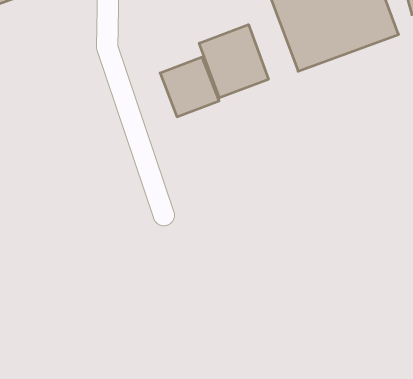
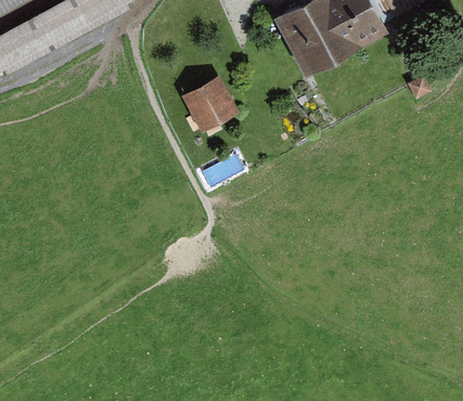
building: [199,25,268,98] -> none

